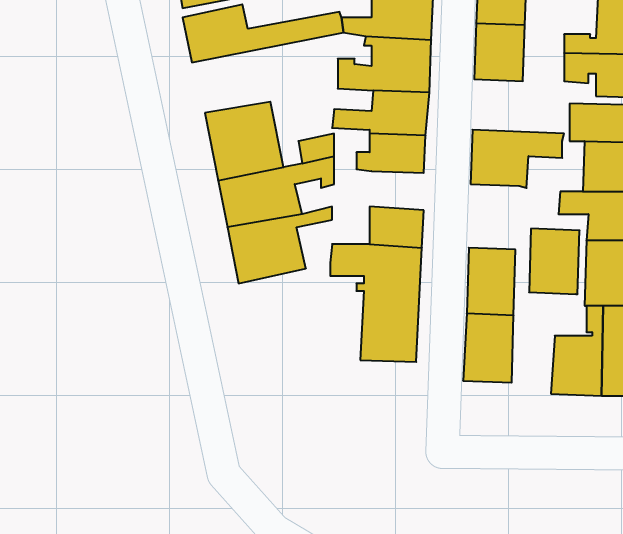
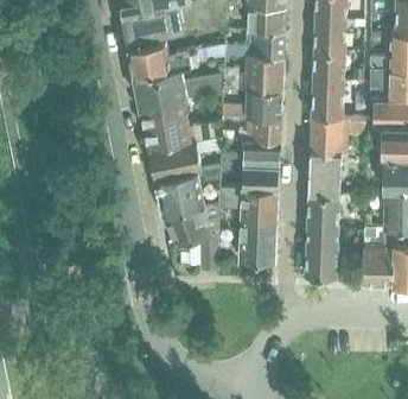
building: none -> [135,70,225,107]
building: none -> [311,86,343,119]
building: none -> [223,144,280,169]
building: [529,229,580,294] -> [308,152,340,194]
building: none -> [162,202,221,270]

